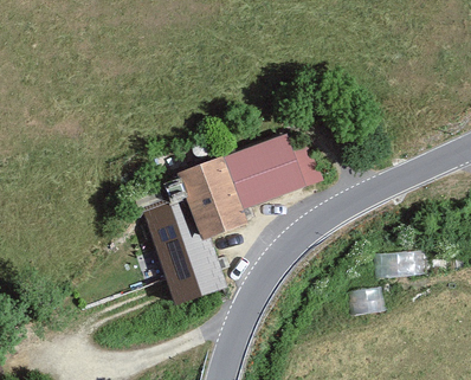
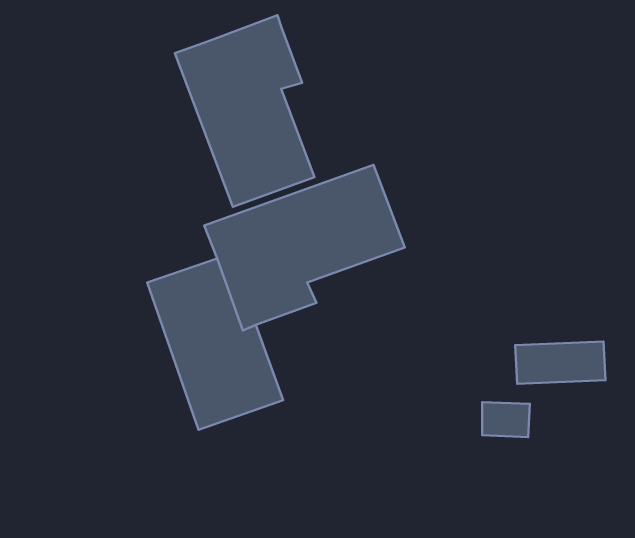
building: none -> [175,15,315,207]

